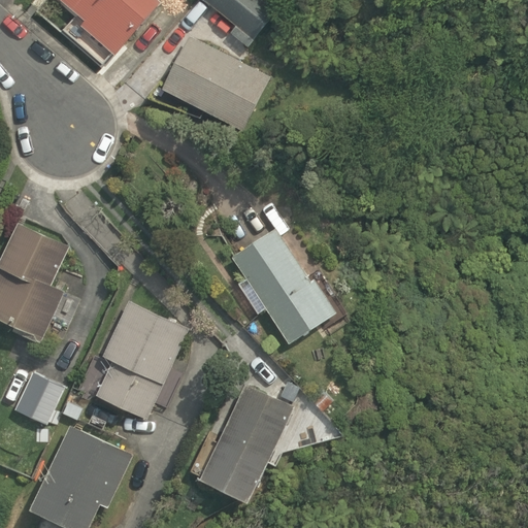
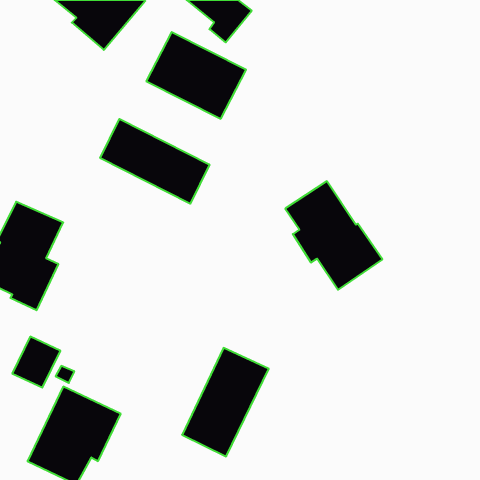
building: none -> [100,119,209,204]
building: [230,225,336,343] -> [285,181,382,290]
building: [95,300,188,419] -> none

